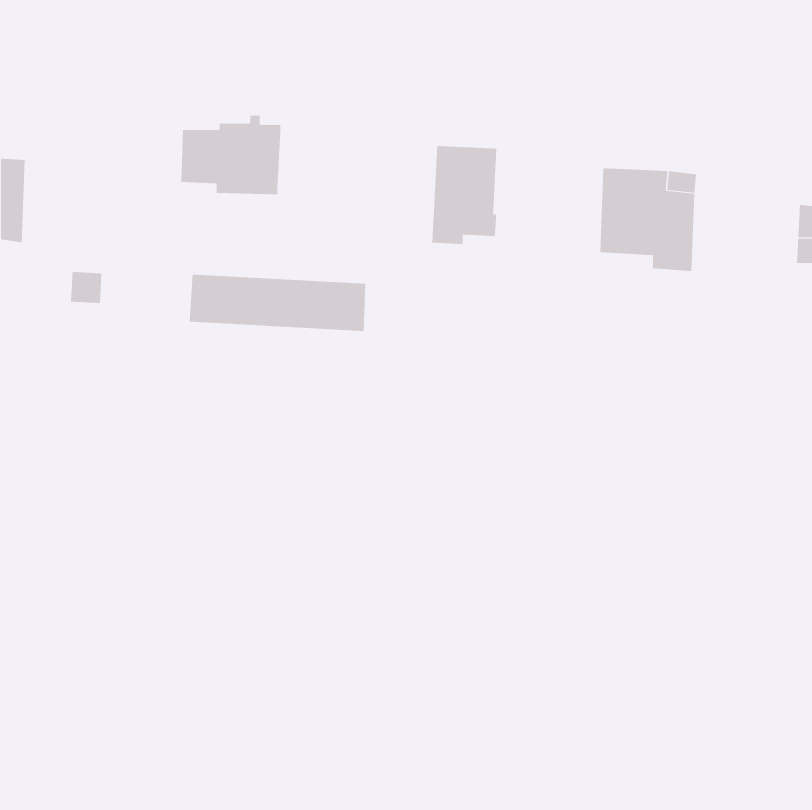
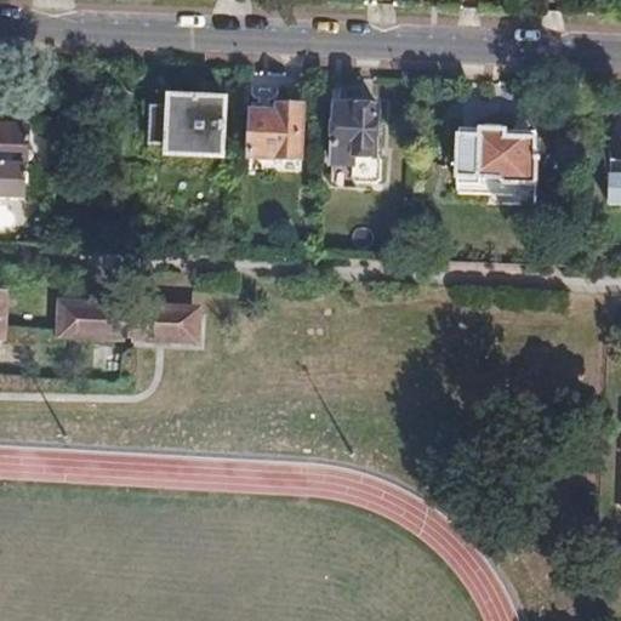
building: none -> [247,108,295,164]
building: [189,274,366,332] -> [64,296,199,340]

